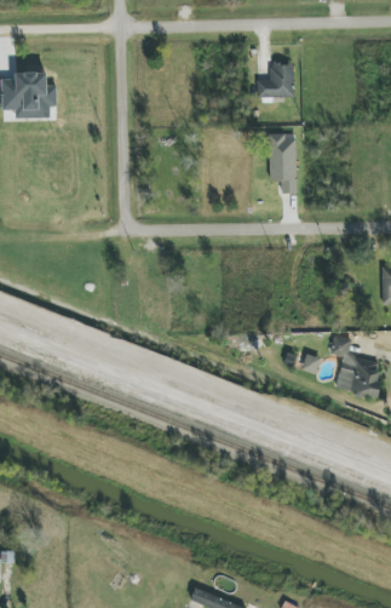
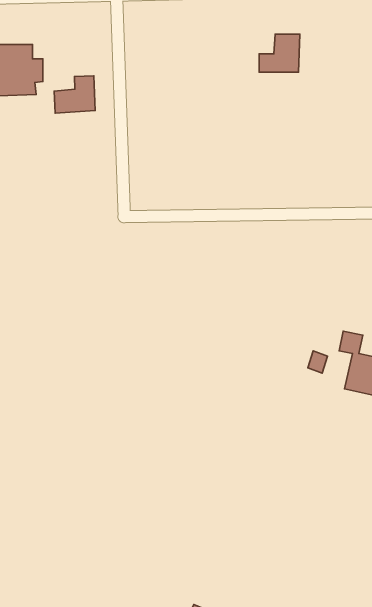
building: none -> [54,76,95,113]
building: [269,136,298,194] -> none

